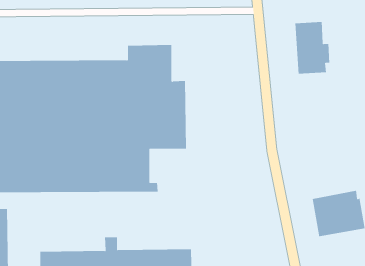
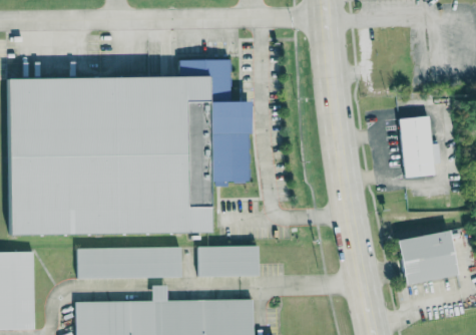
building: [294,22,330,74] -> [399,115,441,178]
building: none -> [197,245,263,276]
building: none -> [76,246,184,278]

